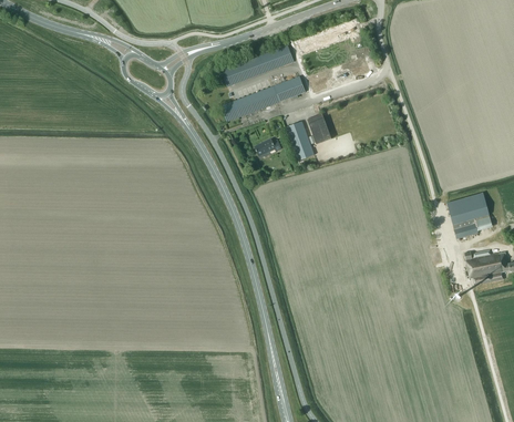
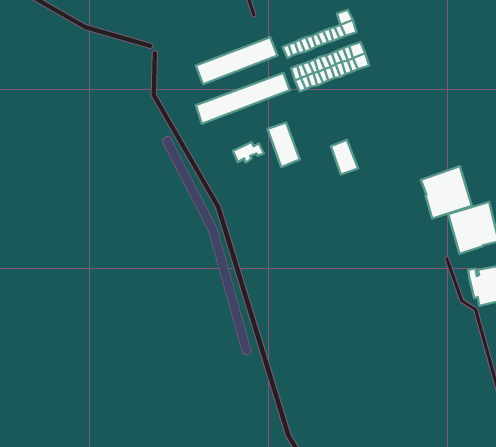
building: [307,113,331,144] -> [331,140,358,175]
building: none -> [421,166,472,219]

